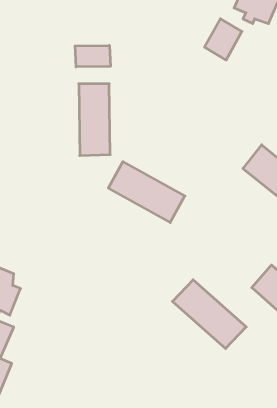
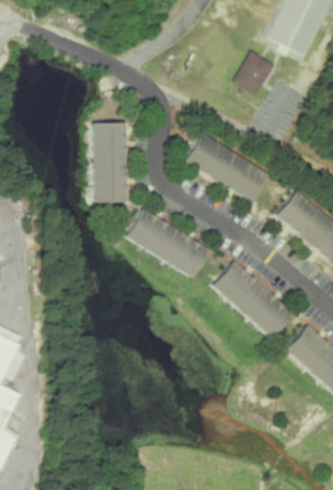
building: [75,45,110,67] -> none
building: none -> [184,132,269,202]
building: [172,280,246,349] -> [211,260,294,337]

